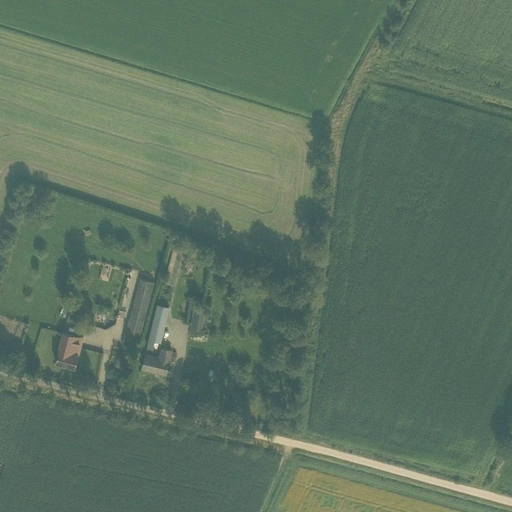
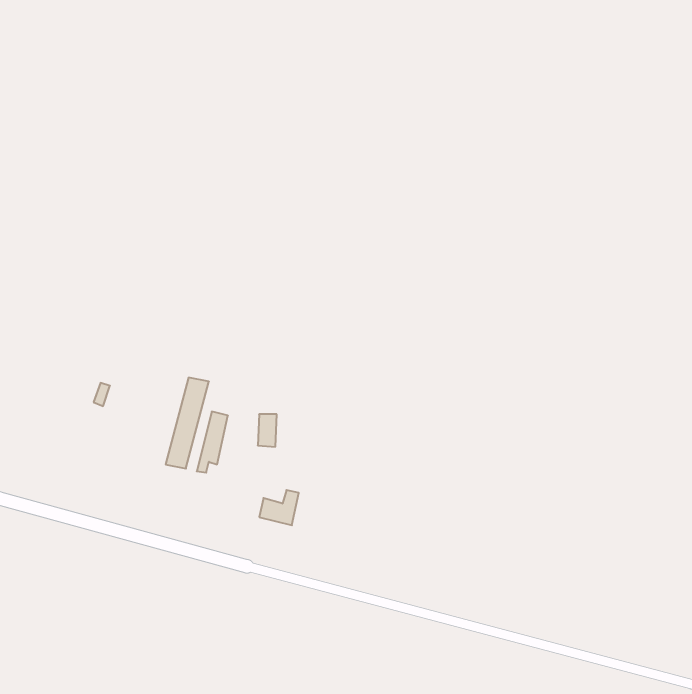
building: [55,332,81,367] -> none
building: [141,348,170,374] -> [259,490,299,525]

